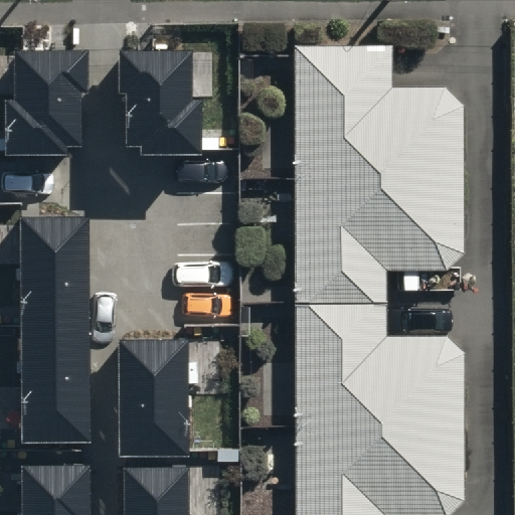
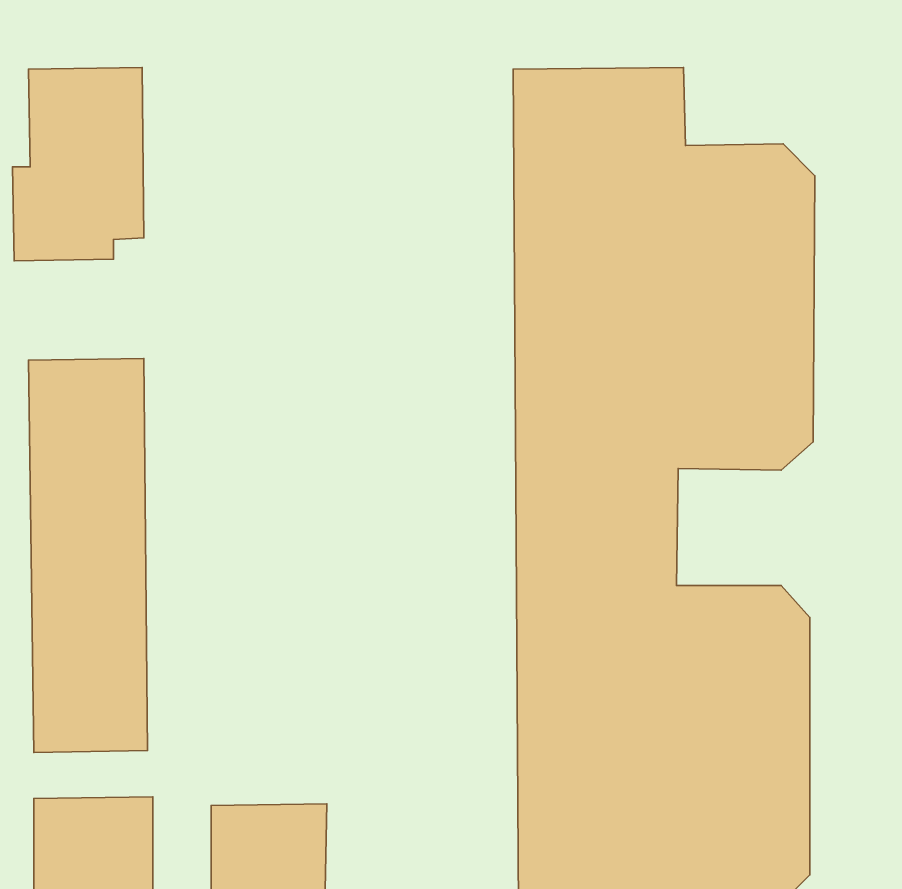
building: [124,47,199,157] -> none
building: [120,338,186,453] -> none

